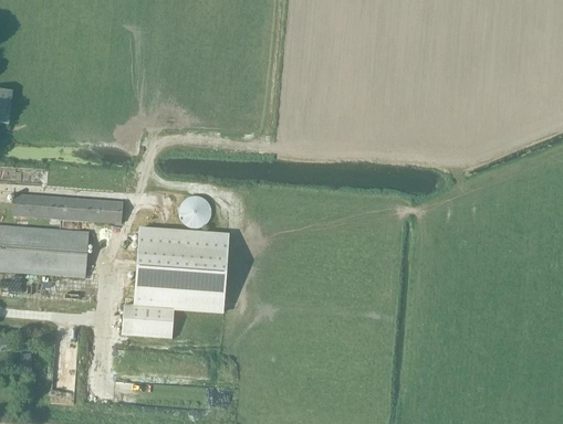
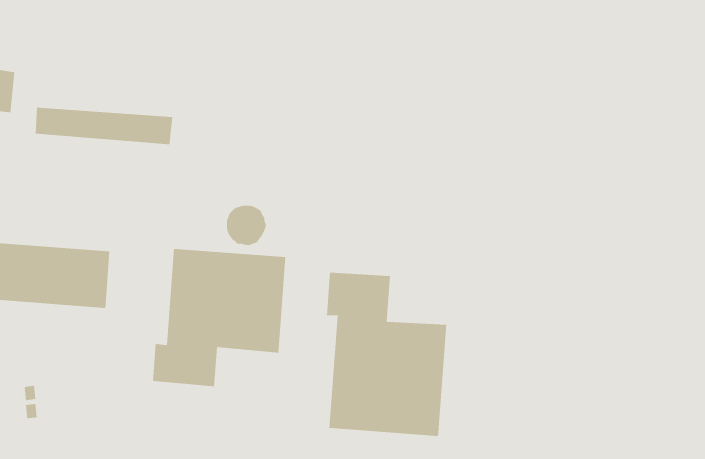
building: [13,194,123,224] -> [35,107,173,145]
building: none -> [326,272,447,437]

